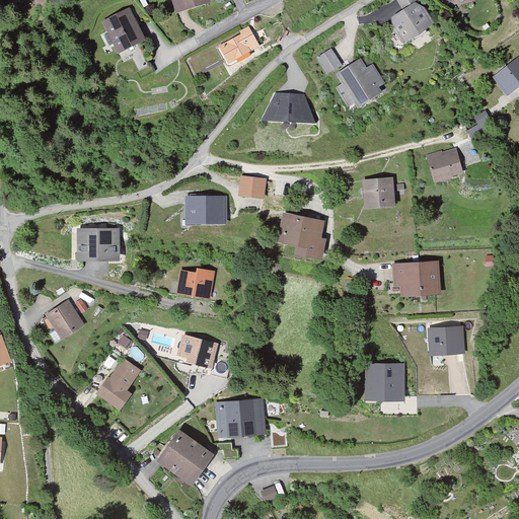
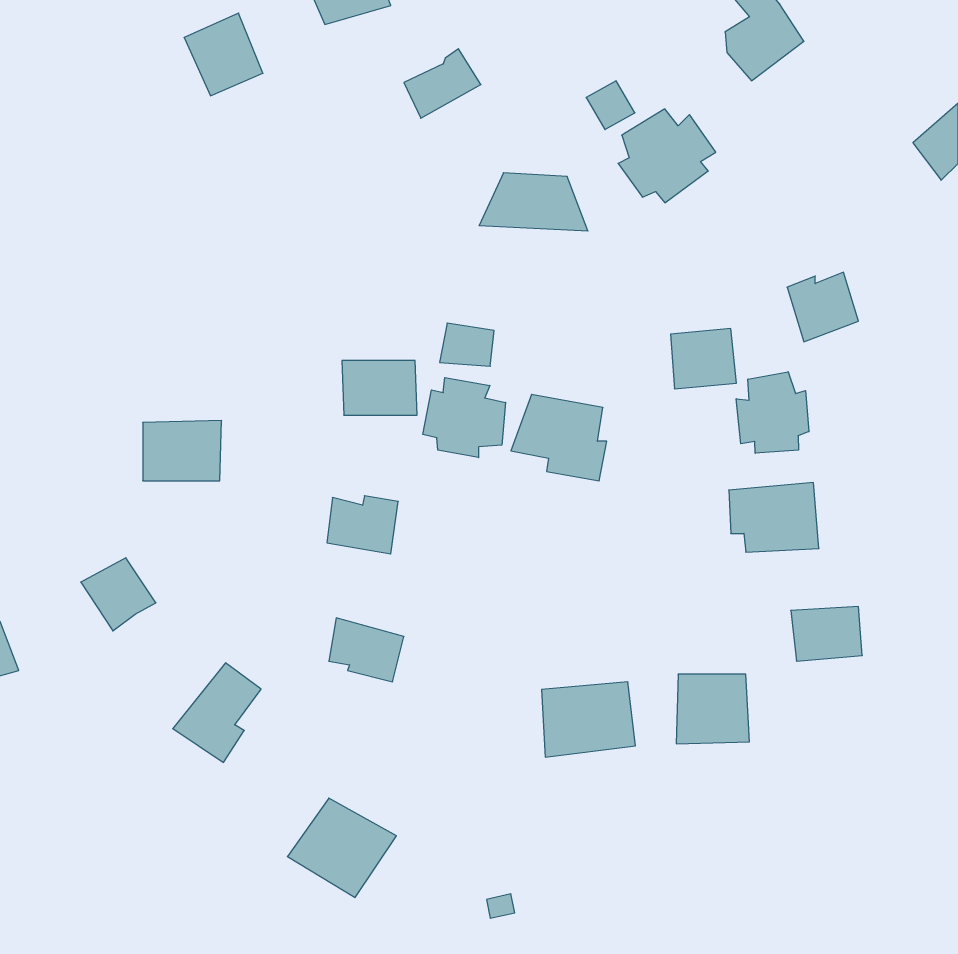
building: none -> [736,372,809,453]
building: none -> [423,378,506,458]
building: [215,398,266,439] -> [542,682,635,757]

